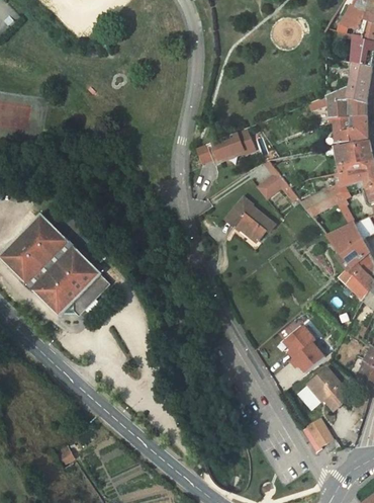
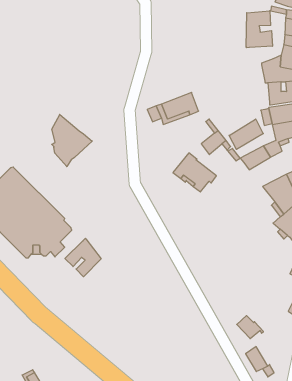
building: none -> [246,11,272,48]
building: none -> [52,114,92,167]
building: none -> [229,119,263,149]
building: none -> [65,238,101,277]
building: [283,324,324,371] -> none
building: [308,367,351,411] -> none

